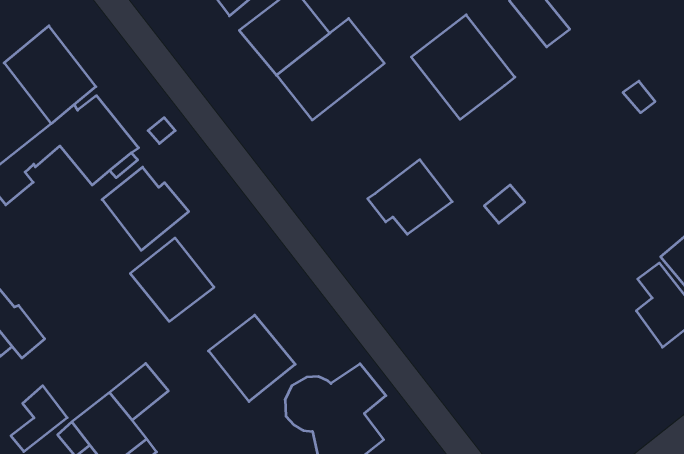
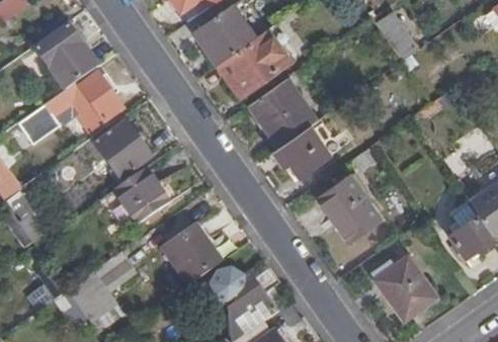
building: [411,15,515,119] -> [249,78,318,148]
building: none -> [320,177,379,241]
building: none -> [371,256,436,320]

